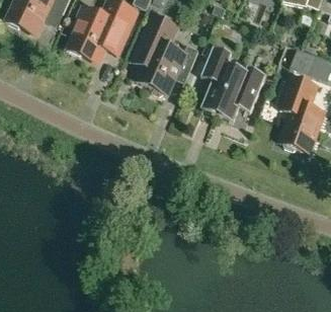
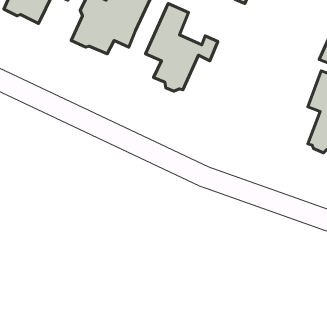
building: [202,45,267,121] -> none

